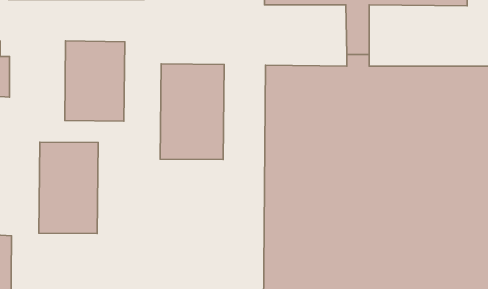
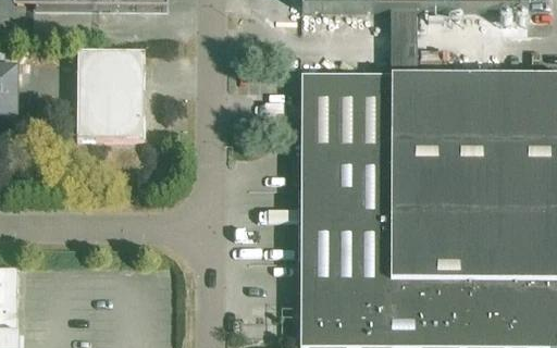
building: [160,64,224,160] -> none
building: [39,142,98,234] -> none

